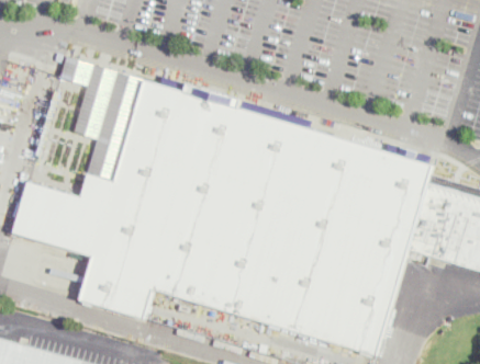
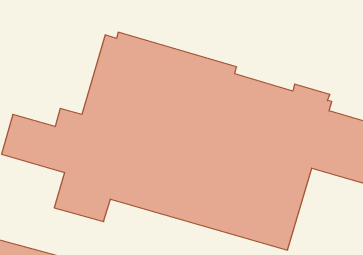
building: [59,57,144,182] -> none

